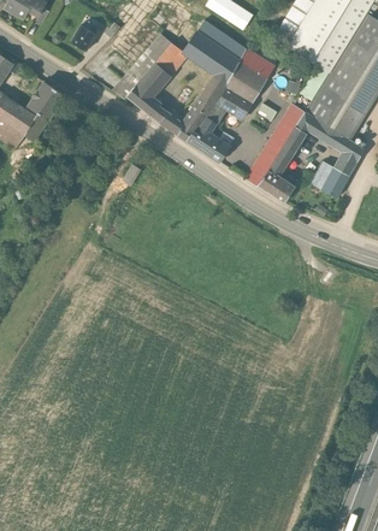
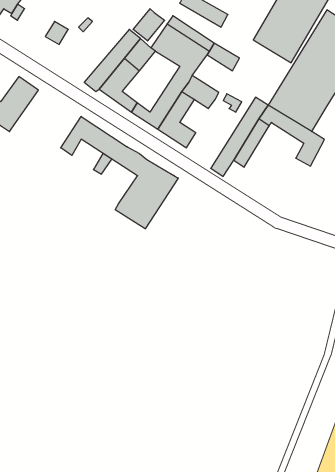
building: none -> [133,9,165,41]
building: [226,59,268,99] -> none
building: none -> [61,116,178,229]
building: [303,161,350,199] -> none
building: [259,170,296,203] -> none

